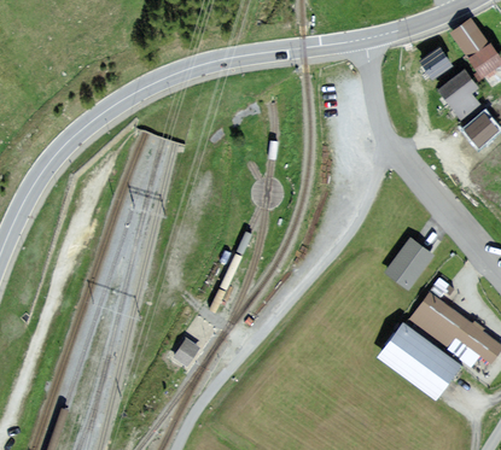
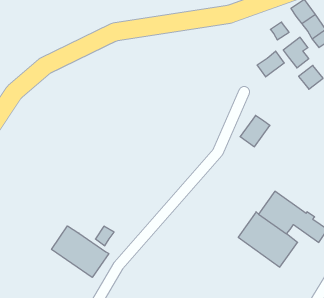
building: none -> [257,51,284,77]
building: [389,240,431,285] -> [240,115,270,147]
building: none -> [52,226,109,277]

